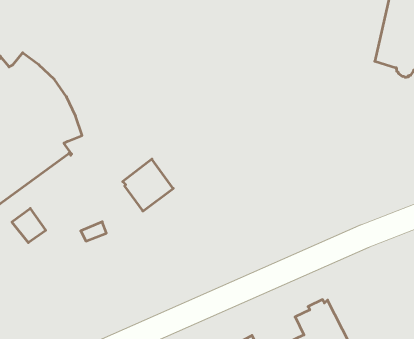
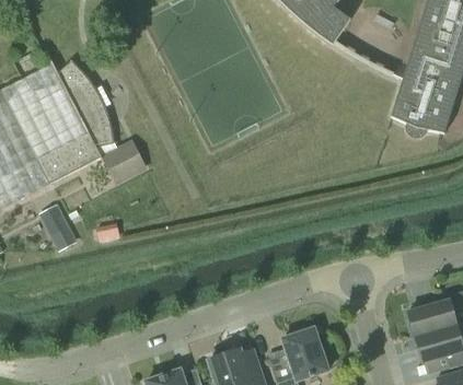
building: [123,159,173,211] -> [102,139,147,185]

